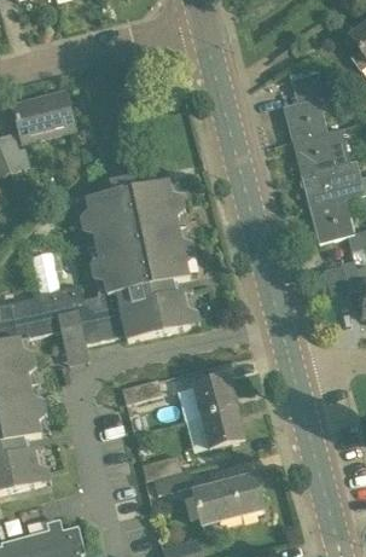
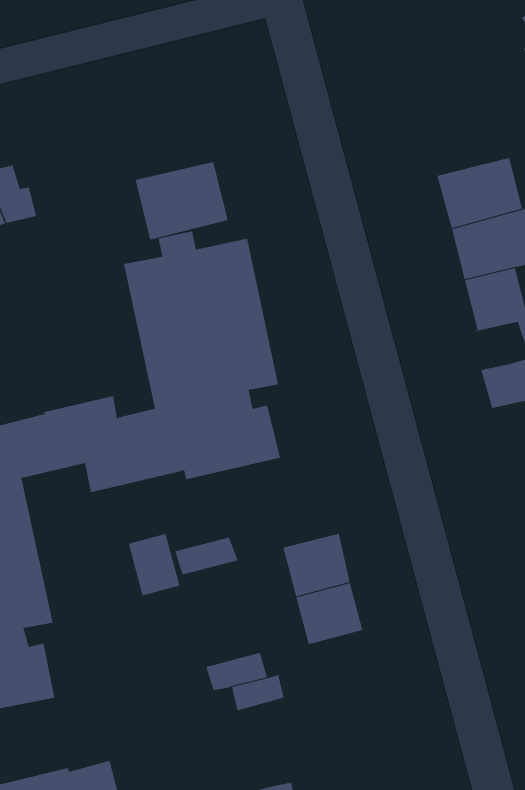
building: [281,71,326,139] -> none
building: [12,91,74,143] -> [135,161,228,240]
building: none -> [128,533,180,596]
building: [192,474,263,526] -> none

